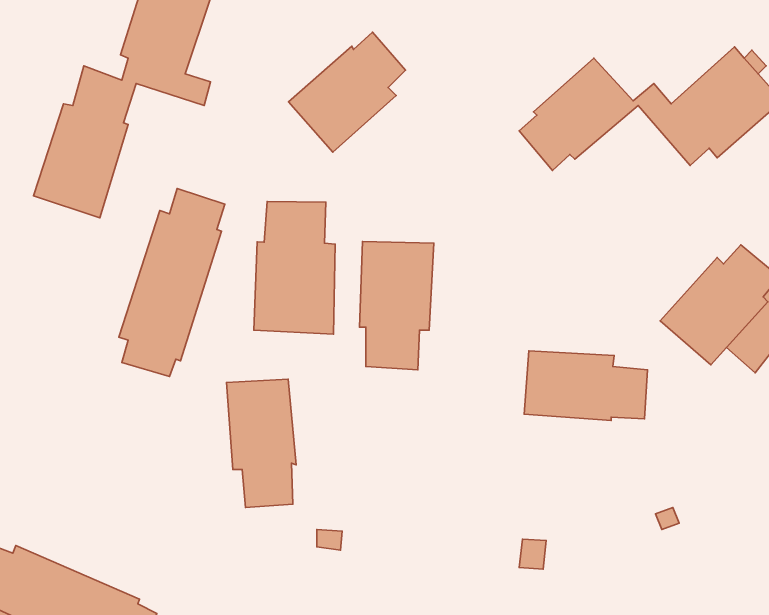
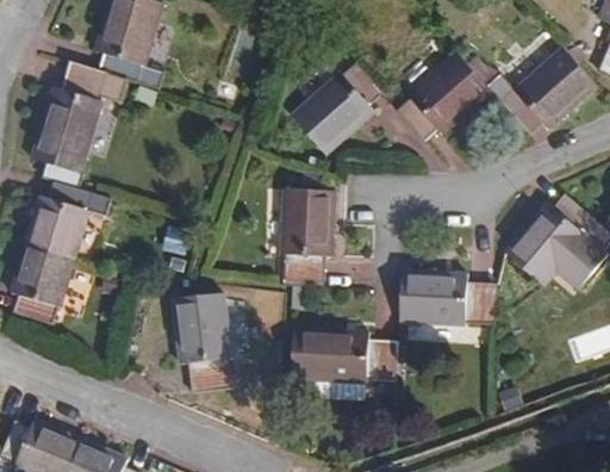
building: [289,32,406,152] -> [294,61,382,151]
building: [119,188,225,377] -> [13,179,93,321]
building: [254,201,335,334] -> none
building: none -> [295,327,400,399]

